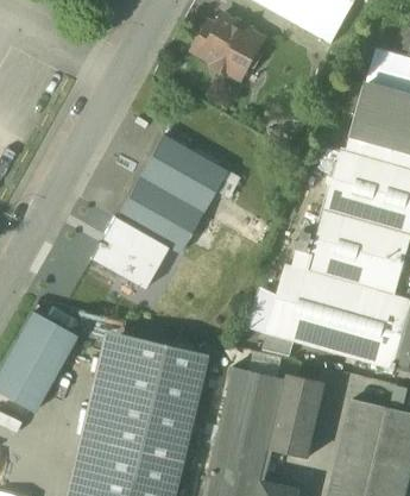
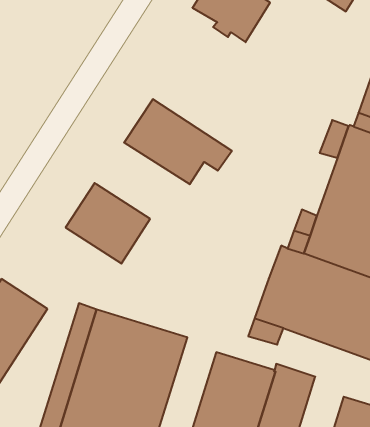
building: [114,177,200,253] -> none
building: [245,287,278,332] -> none

